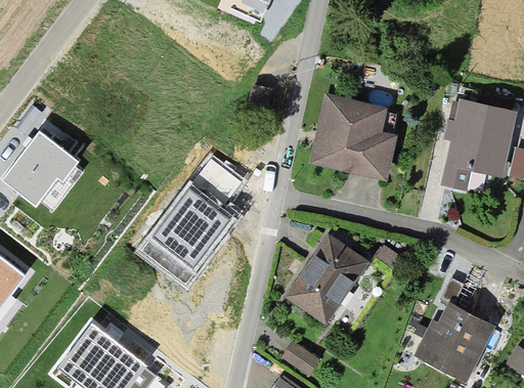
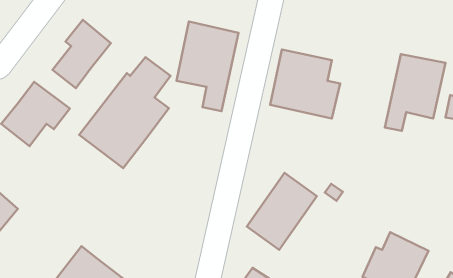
building: none -> [52,20,111,88]
building: none -> [176,21,238,111]
building: [136,163,241,290] -> [79,57,171,168]

